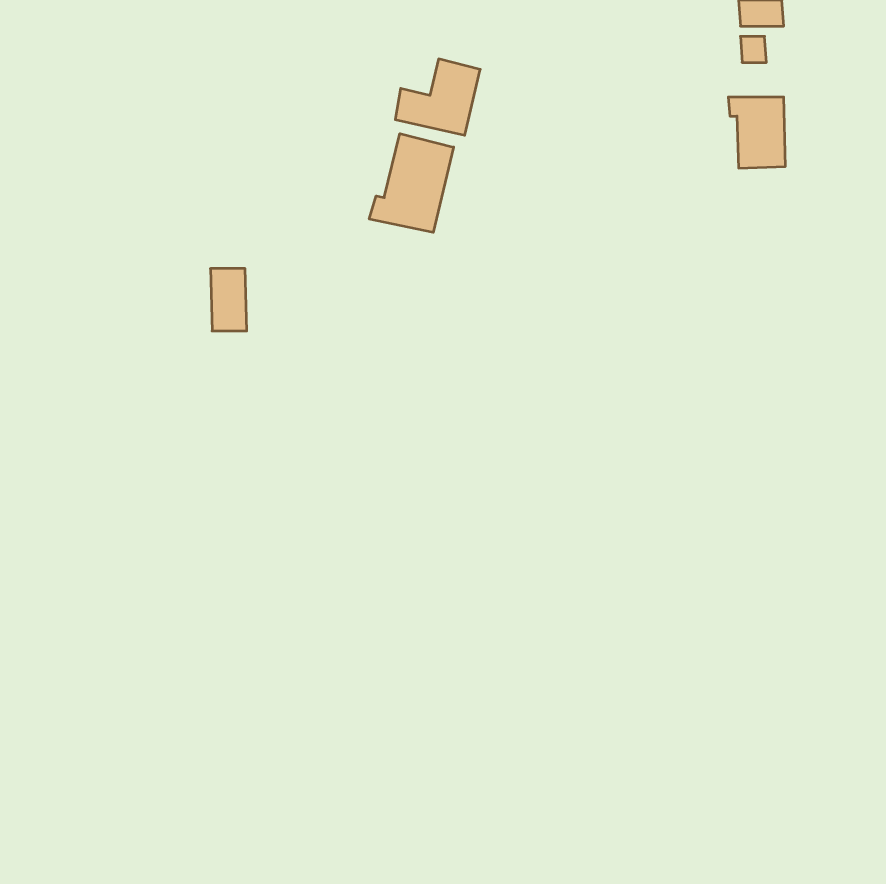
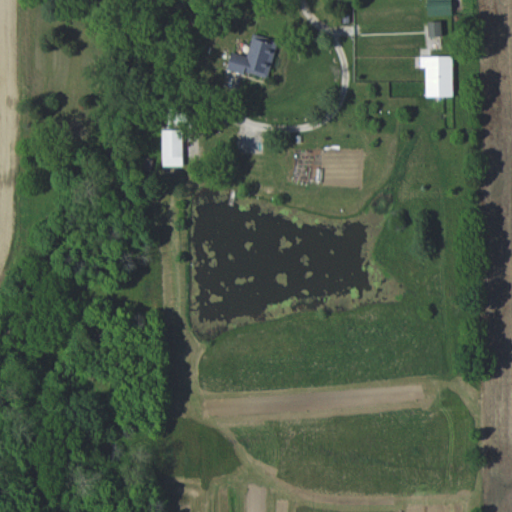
building: [369,134,454,232] -> none
building: [210,269,247,331] -> [162,131,183,167]

